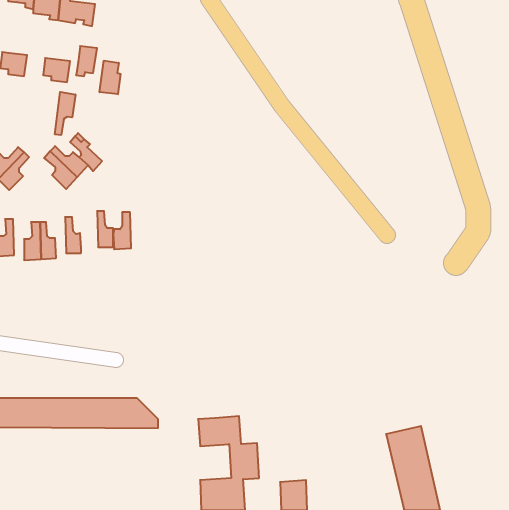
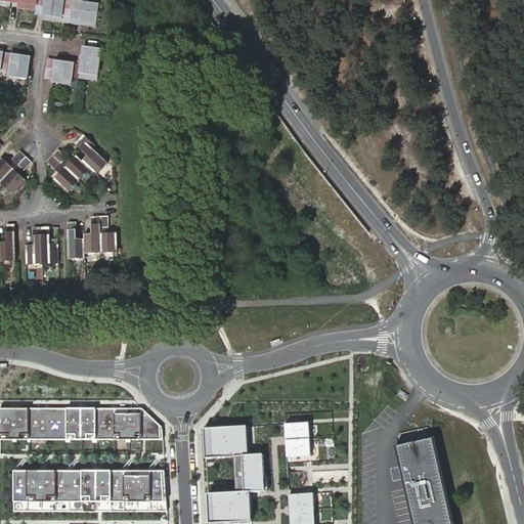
building: [100,61,121,94] -> none
building: [55,92,75,135] -> none
building: [113,212,131,249] -> [82,216,100,254]
building: none -> [282,421,310,456]
building: none -> [12,469,165,510]

